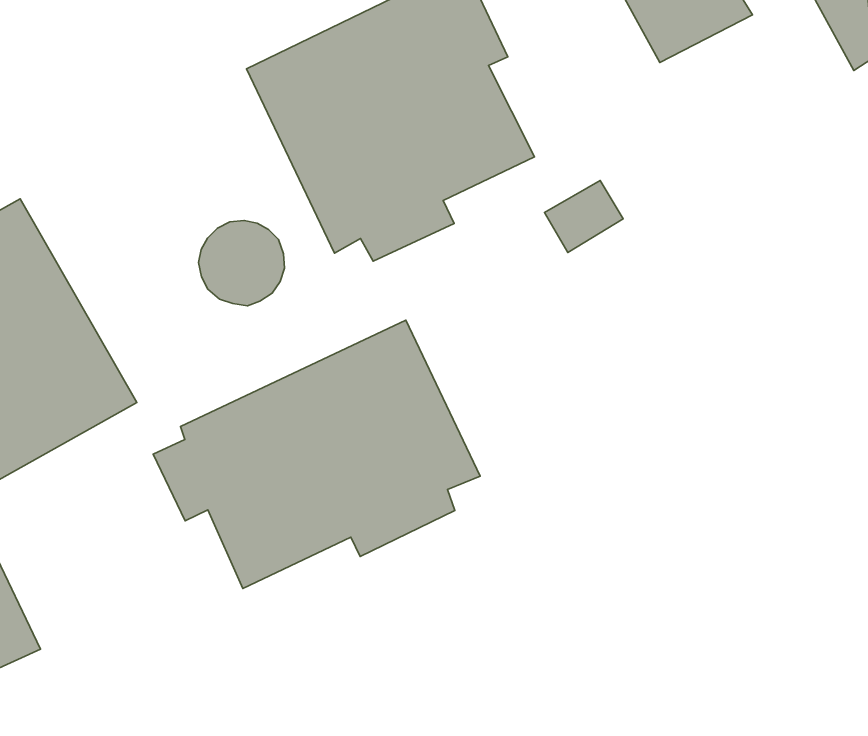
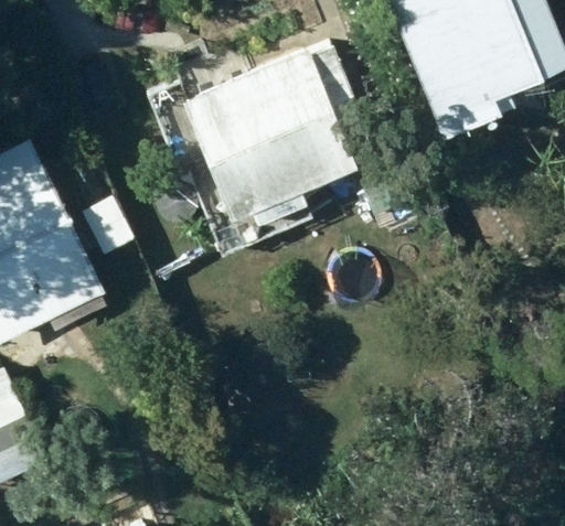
building: [153,320,480,588] -> none

